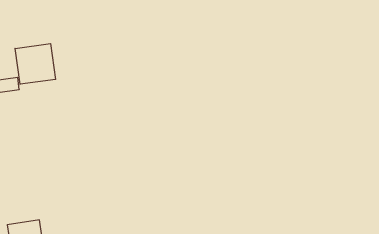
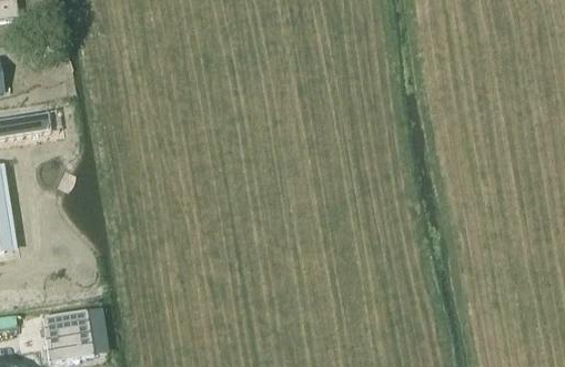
building: [15,44,56,84] -> none

